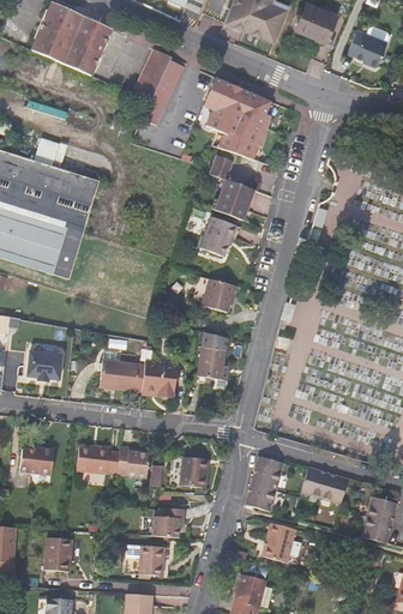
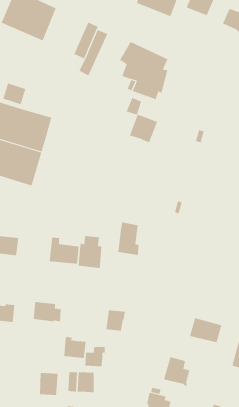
building: [200,213,240,255] -> none
building: [203,277,237,311] -> none
building: [116,446,150,477] -> [63,337,86,359]
building: [245,455,283,510] -> none
building: [44,537,72,570] -> [39,373,59,395]

